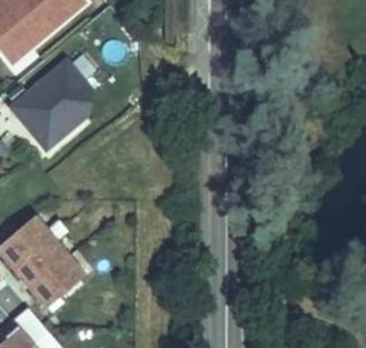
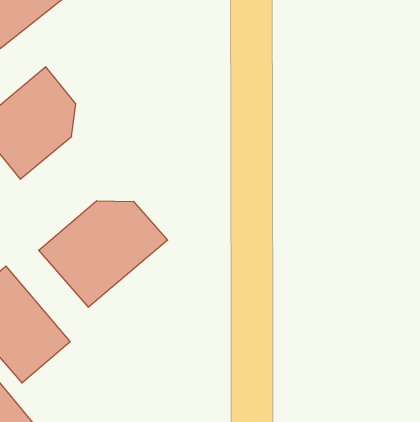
building: none -> [39,201,168,307]

